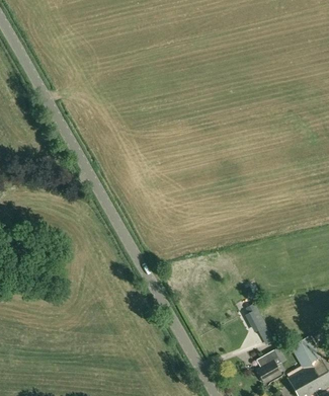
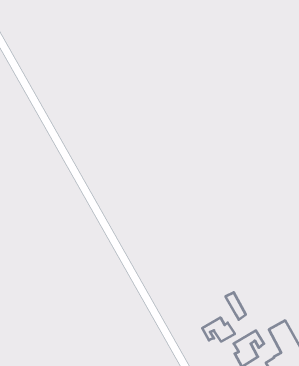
building: none -> [202,318,235,341]

